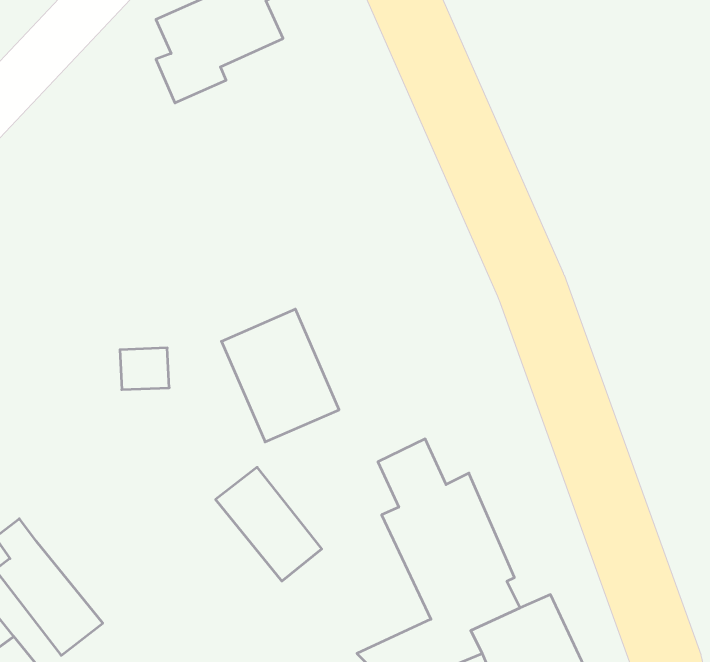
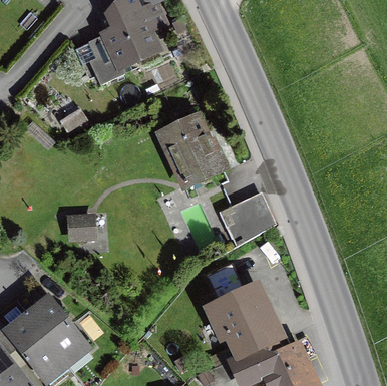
building: [221,309,339,442] -> [160,113,223,183]
building: none -> [226,196,275,240]
building: [216,467,322,581] -> [27,300,83,360]

